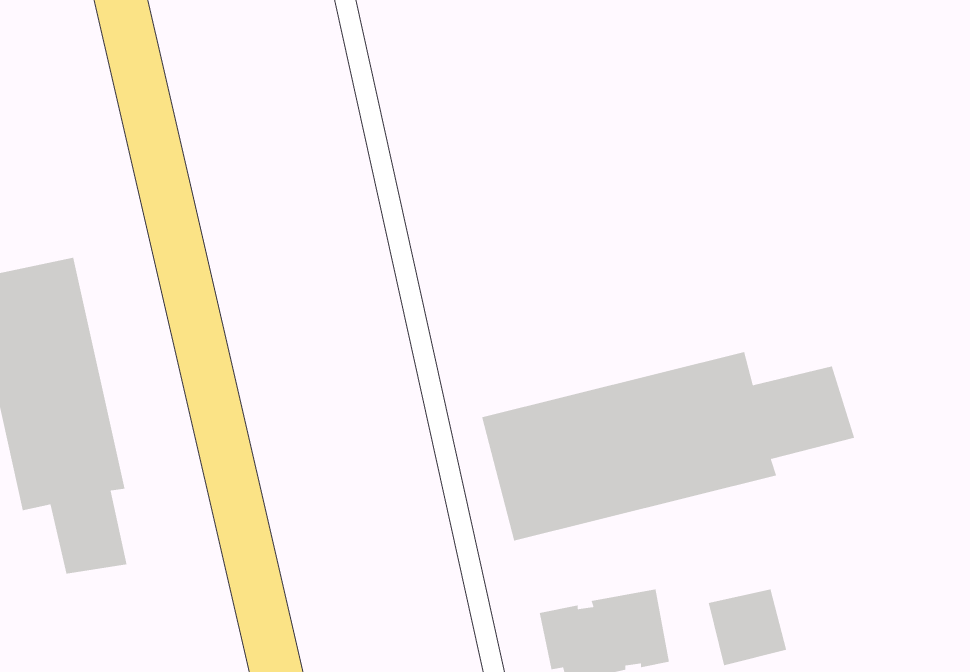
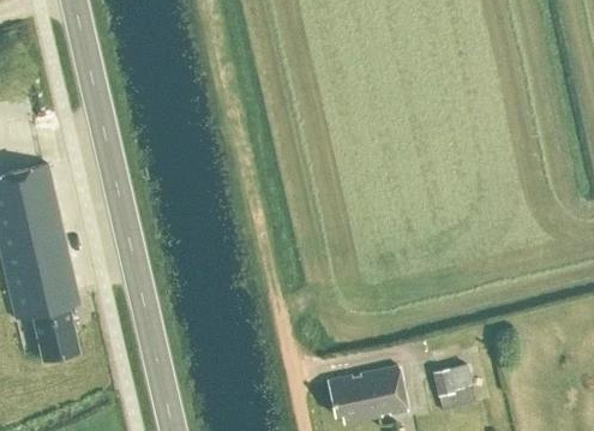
building: [481,351,855,542] -> none

